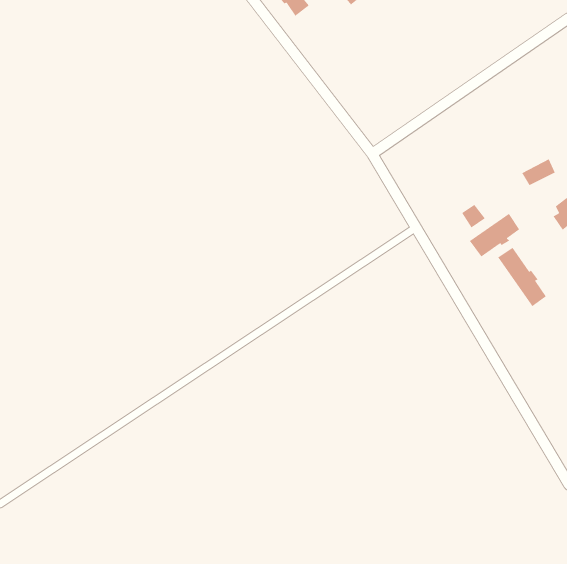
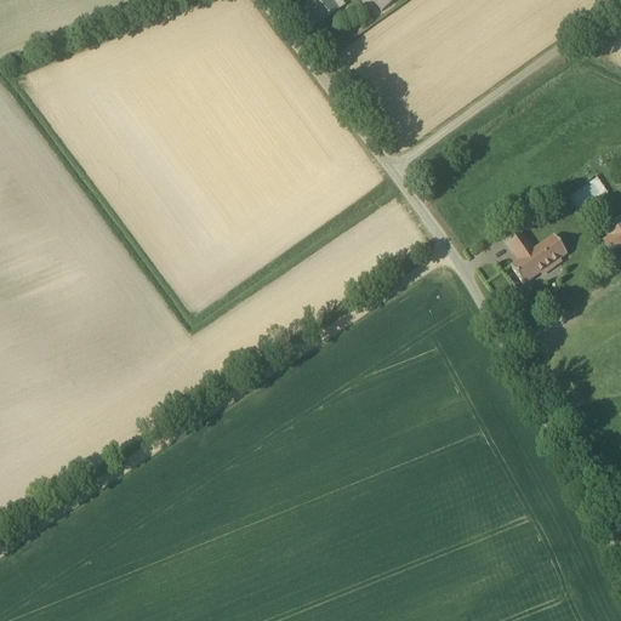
building: [497,247,547,307] -> none

